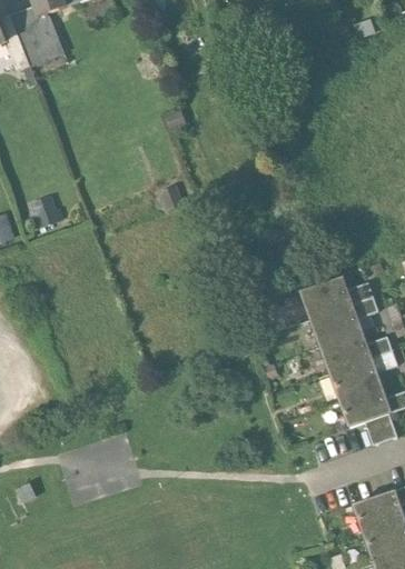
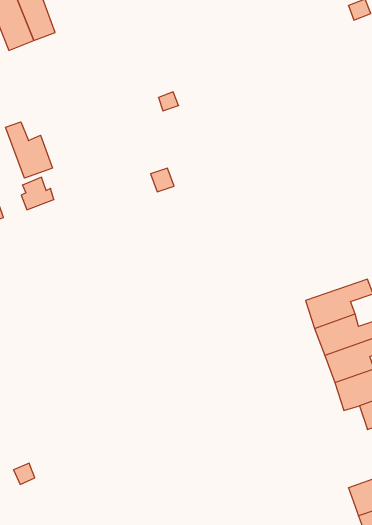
building: none -> [6,122,53,178]
building: [302,277,373,318] -> none

